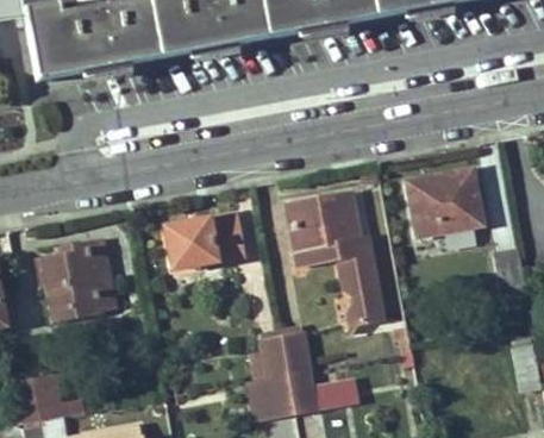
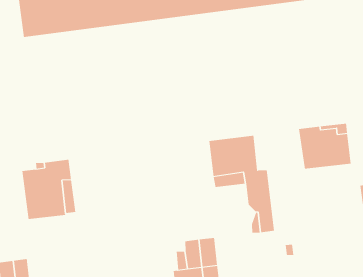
building: [168,213,244,267] -> none

